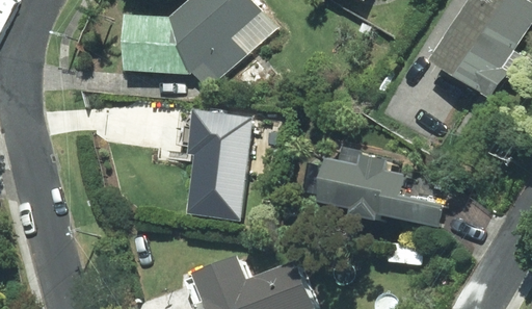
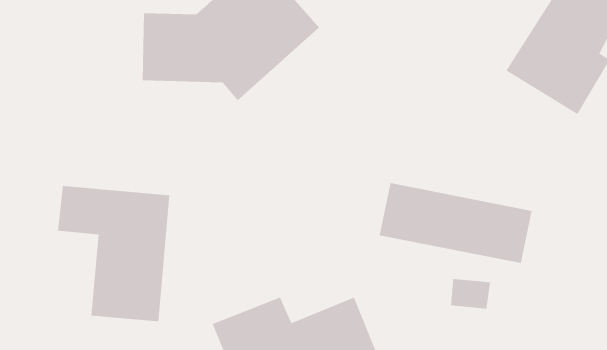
building: [155,106,250,222] -> [57,185,170,322]

